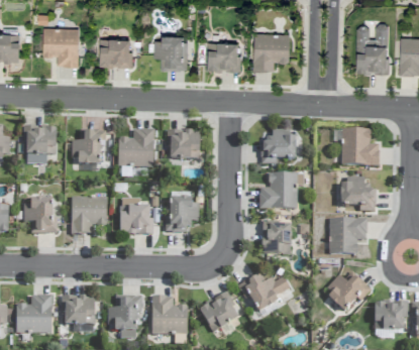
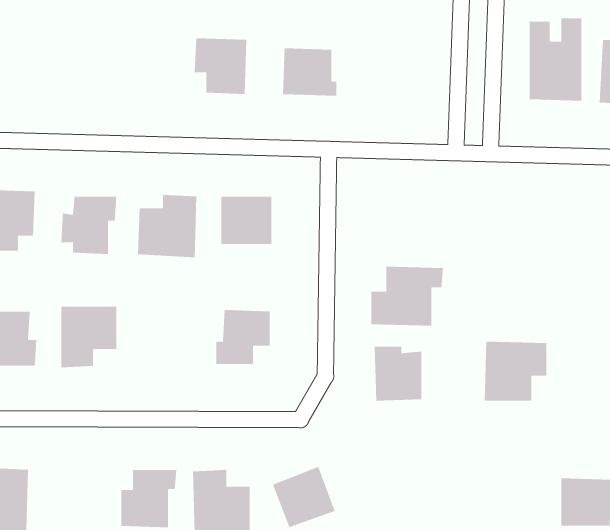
building: [42,27,79,66] -> none
building: [253,32,290,71] -> none
building: [99,37,131,67] -> none
building: [261,130,297,164] -> none
building: [342,130,381,166] -> none
building: [342,178,376,212] -> none
building: [121,203,153,235] -> none
building: [325,272,371,313] -> none
building: [238,275,291,314] -> none
building: [64,297,96,326] -> none

